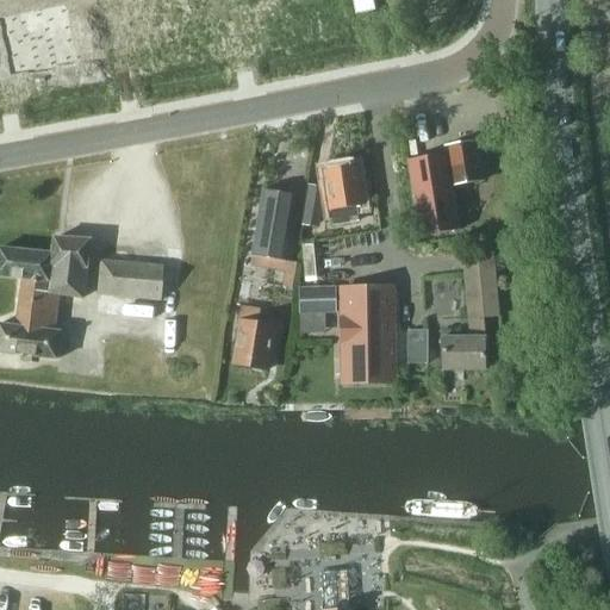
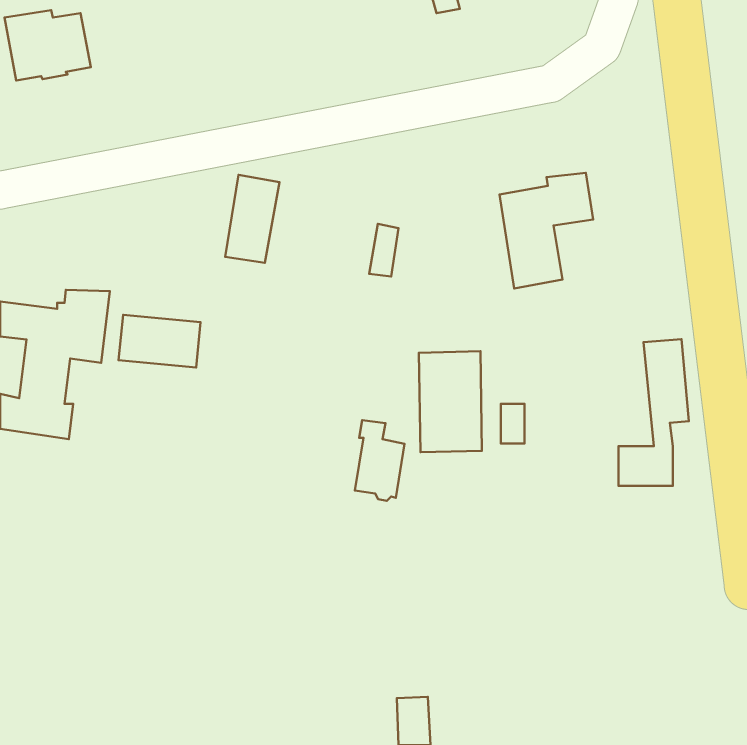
building: [325,163,363,223] -> none
building: [253,187,297,259] -> [225,175,279,263]
building: [442,248,499,367] -> [619,339,689,486]
building: [303,281,342,309] -> none
building: [235,305,275,371] -> [355,420,405,501]

